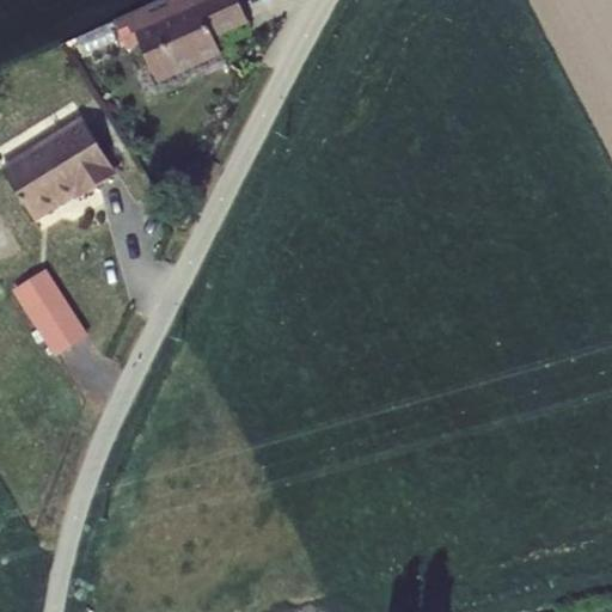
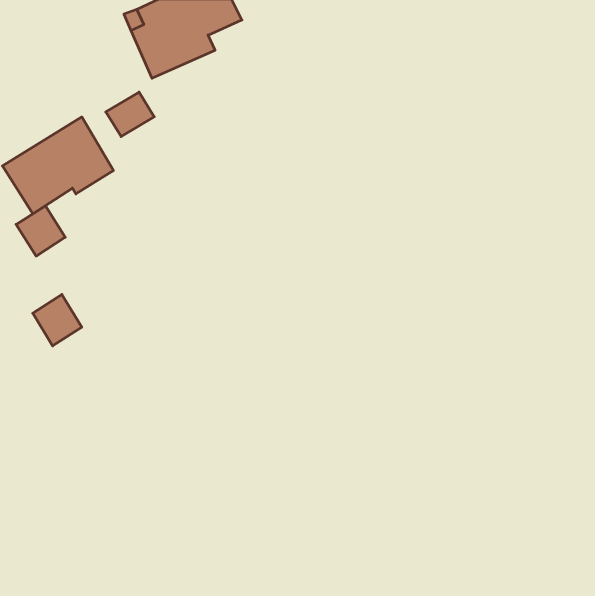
building: none -> [106,92,154,137]
building: [13,269,63,320] -> [16,206,65,256]

